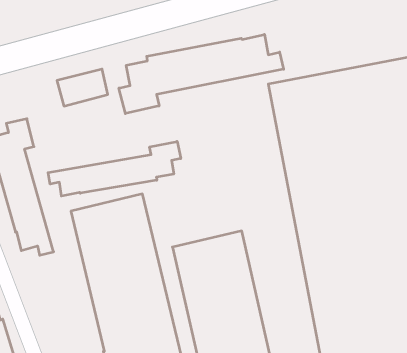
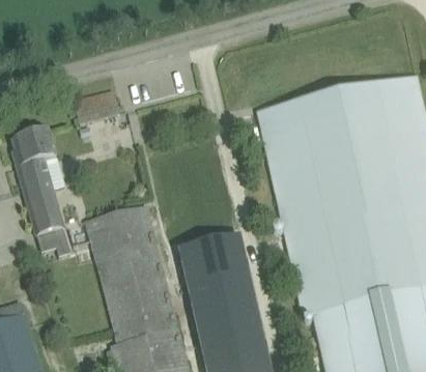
building: [119,34,284,114] -> none
building: [48,141,181,196] -> none

